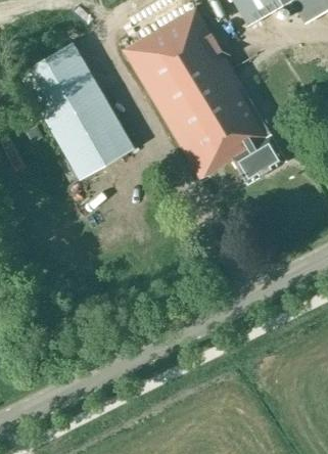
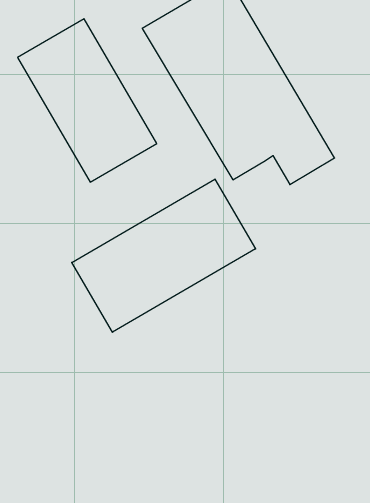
building: none -> [72,179,256,332]

